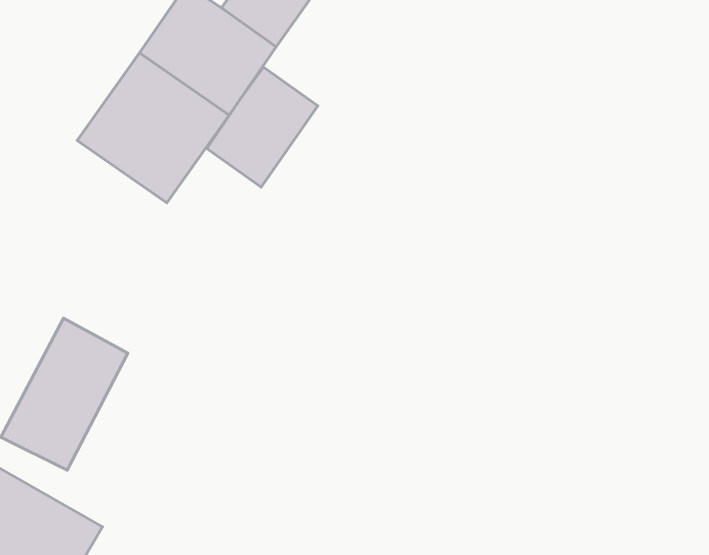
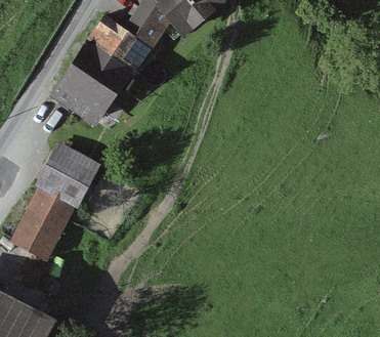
building: [207,67,318,187] -> none
building: none -> [30,151,100,219]

